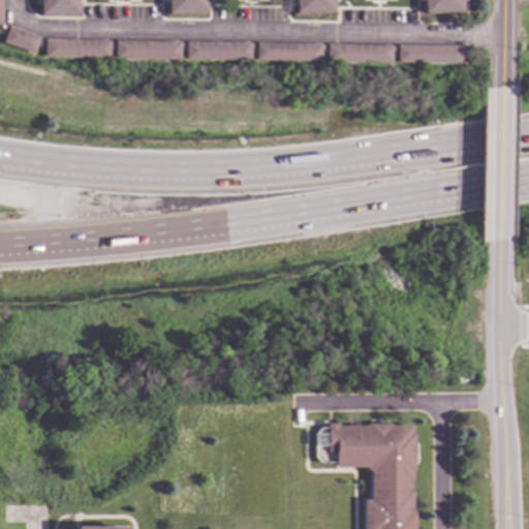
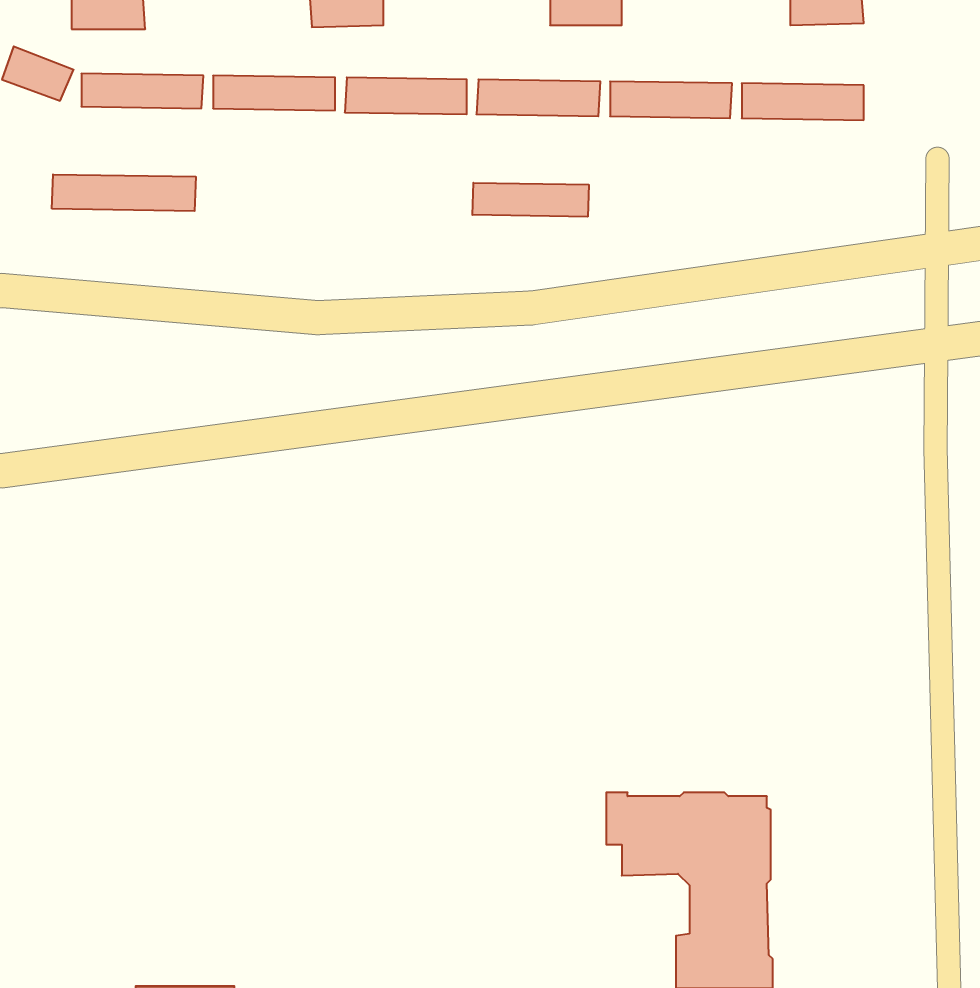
building: none -> [52,174,196,211]
building: none -> [472,183,589,217]

